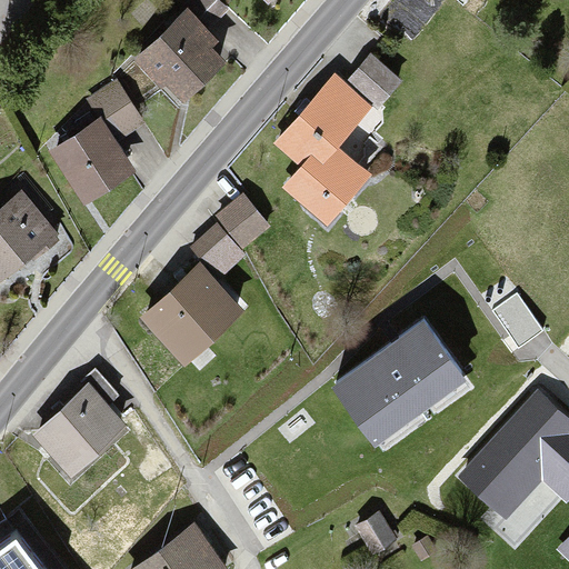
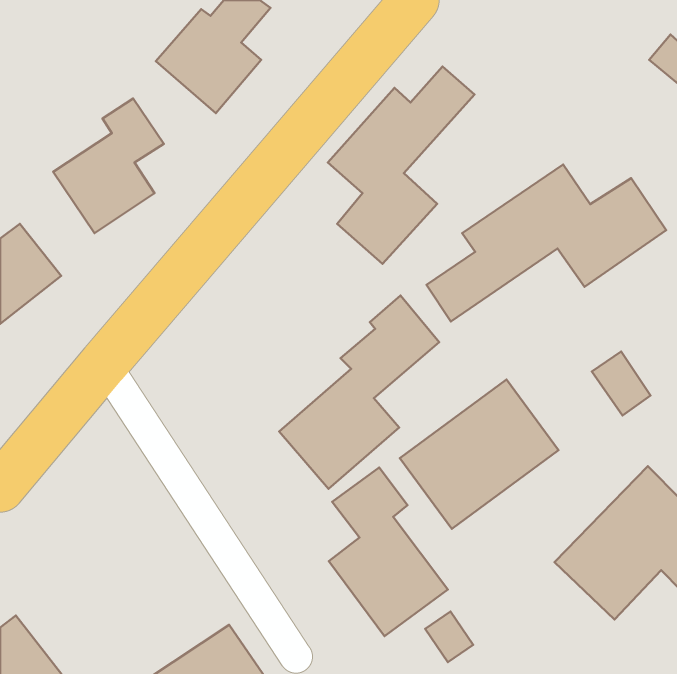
building: none -> [426,164,666,321]
building: [141,200,274,361] -> [279,296,439,489]
building: [28,387,120,476] -> none
building: none -> [329,468,448,636]

